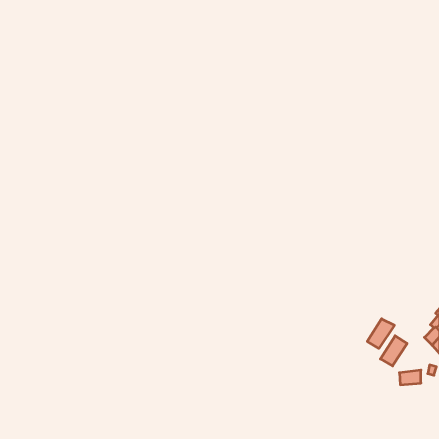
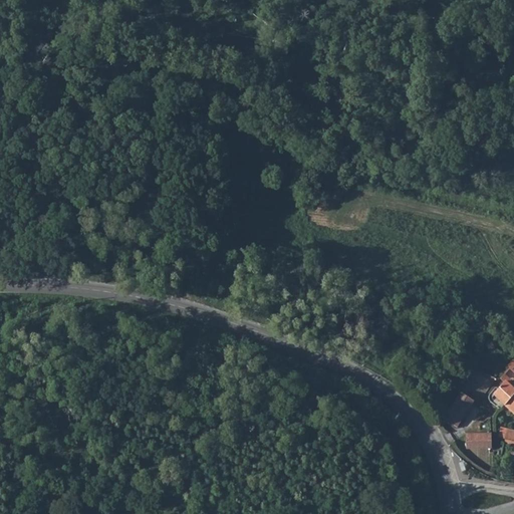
building: [367,319,394,348] -> none

